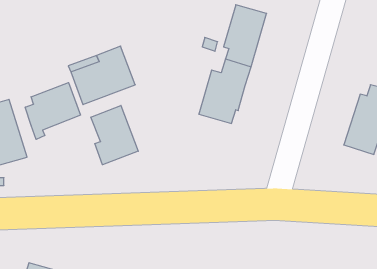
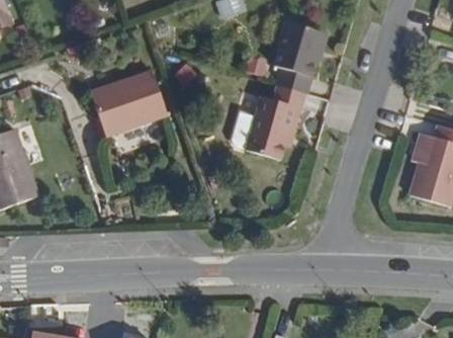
building: [25,83,81,139] -> none
building: [91,105,138,165] -> none

